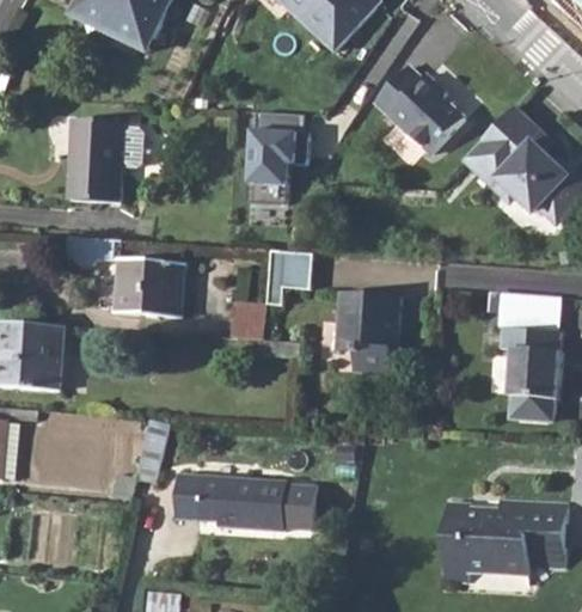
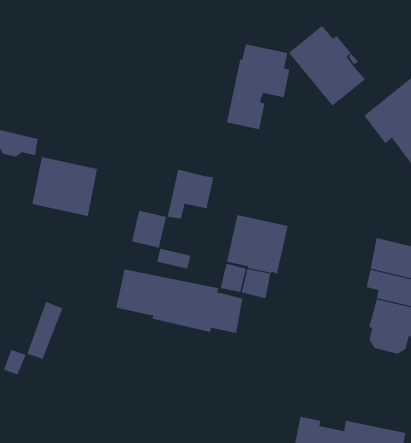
building: [245,111,306,203] -> [226,44,290,130]
building: [67,118,141,202] -> none
building: [174,476,313,531] -> [115,269,243,333]

